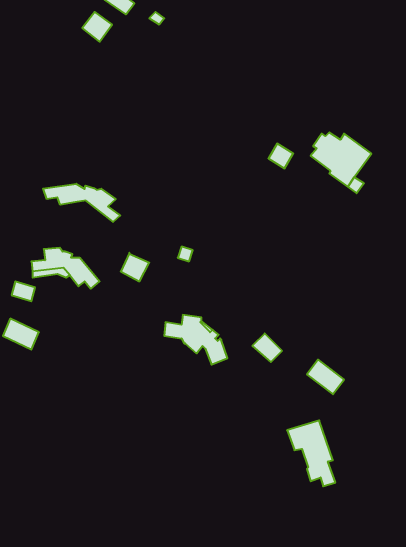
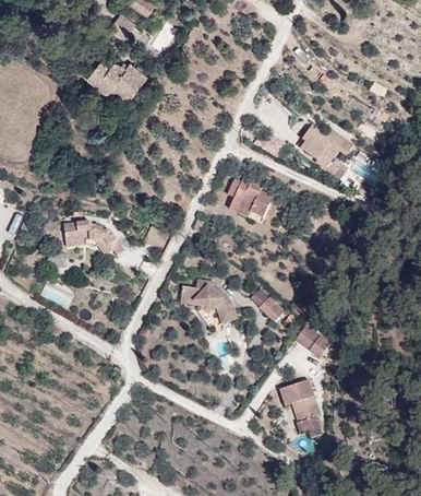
building: none -> [85,60,145,103]
building: [43,184,120,222] -> none
building: none -> [226,178,270,219]

